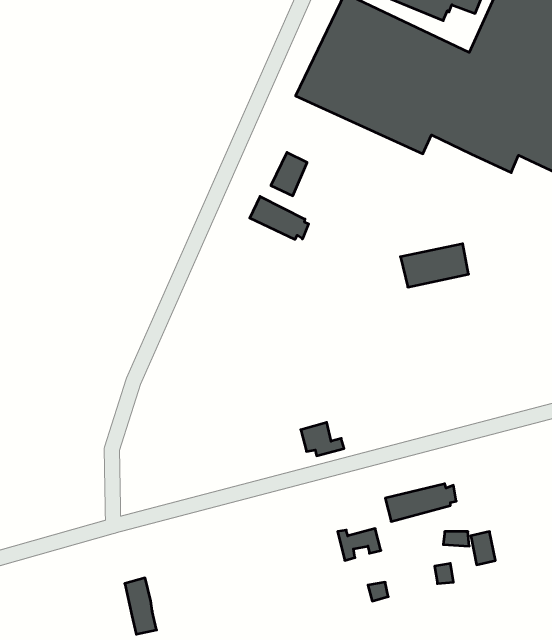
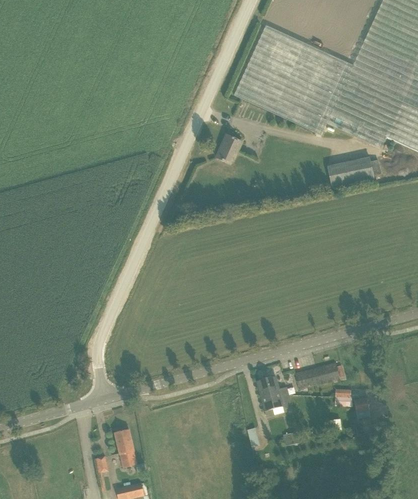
building: [250,196,309,239] -> none
building: [400,244,469,287] -> [327,155,374,185]
building: [301,422,344,456] -> [258,374,288,397]

